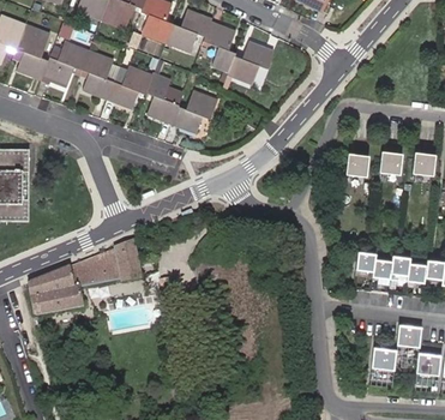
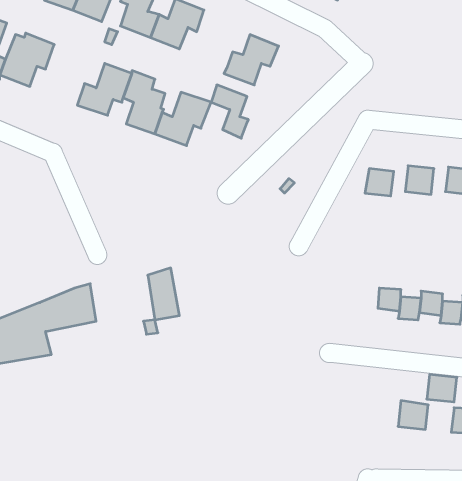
building: [205,25,236,70] -> [211,85,248,138]
building: [79,50,118,101] -> none
building: [116,240,143,283] -> [148,268,179,320]

